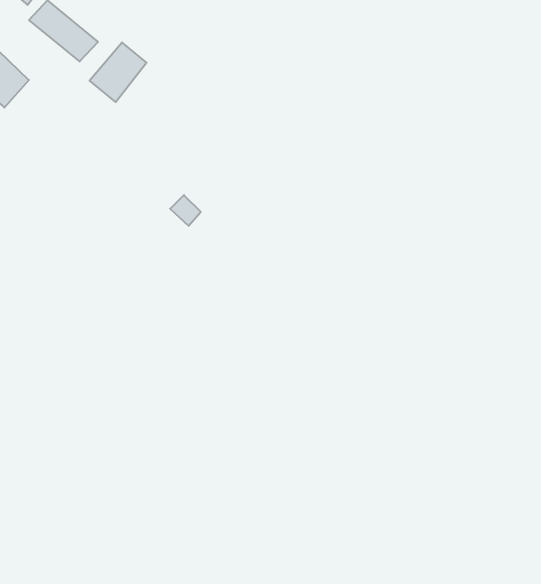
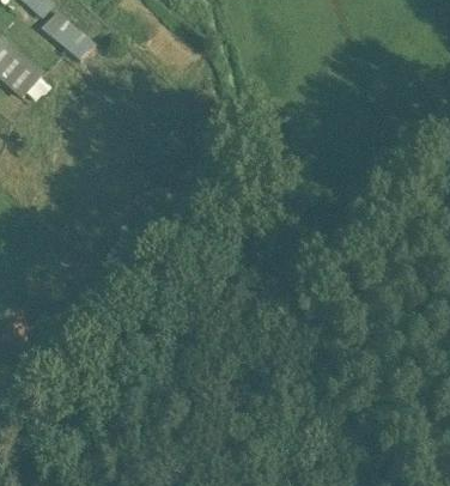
building: [90,42,147,102] -> none

